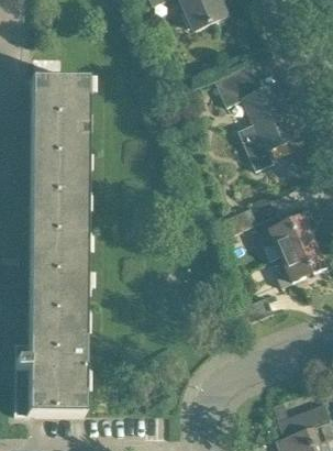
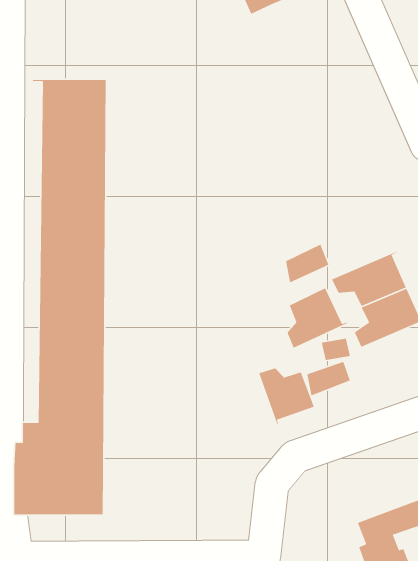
building: [217,61,300,169] -> none
building: none -> [284,287,348,349]
building: none -> [258,367,315,425]

